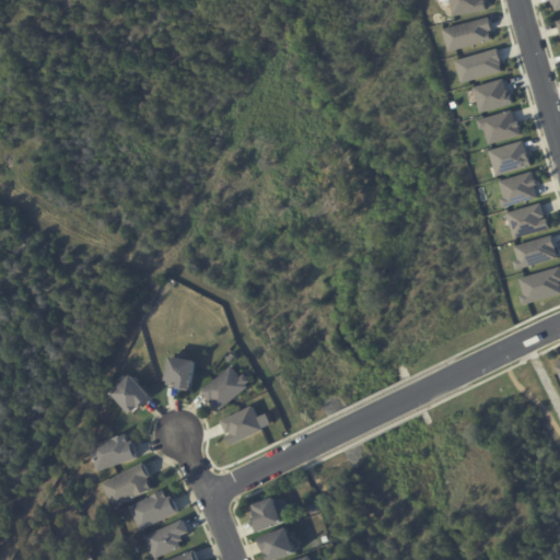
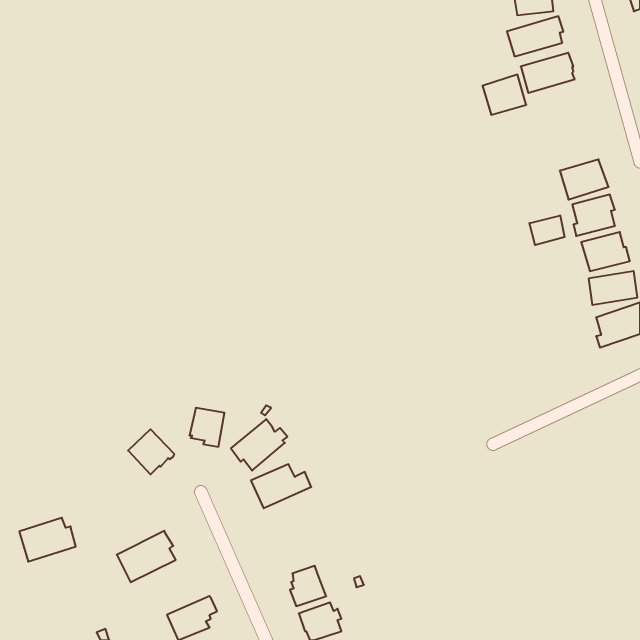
building: [472,77,511,112] -> [482,75,526,115]
building: [479,108,520,143] -> none
building: none -> [529,215,565,245]
building: [89,433,138,471] -> [19,518,76,562]
building: [129,489,179,530] -> none

